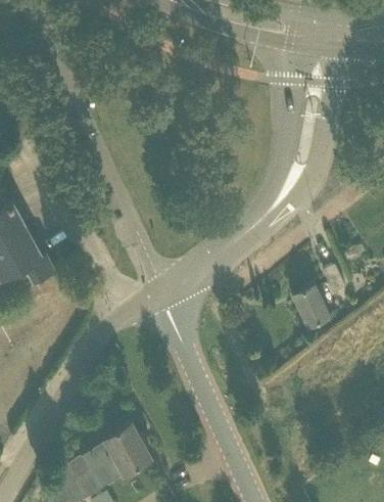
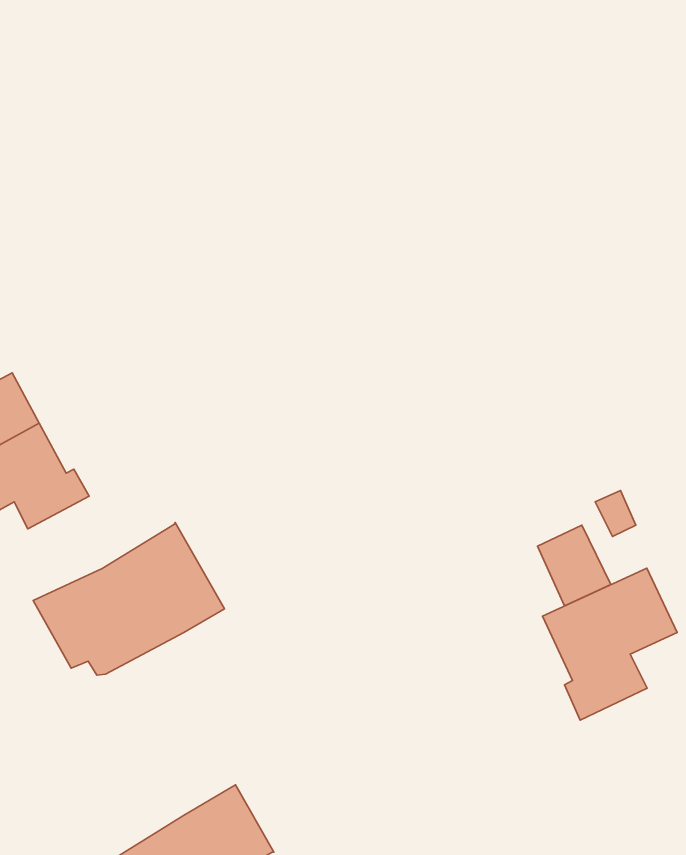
building: none -> [33,522,225,675]
building: none -> [542,568,677,720]

